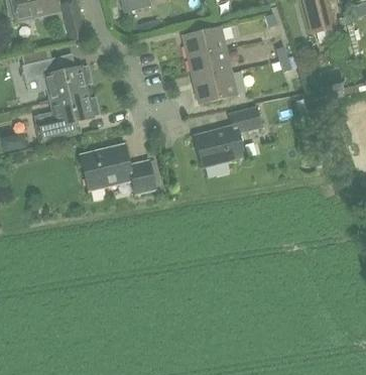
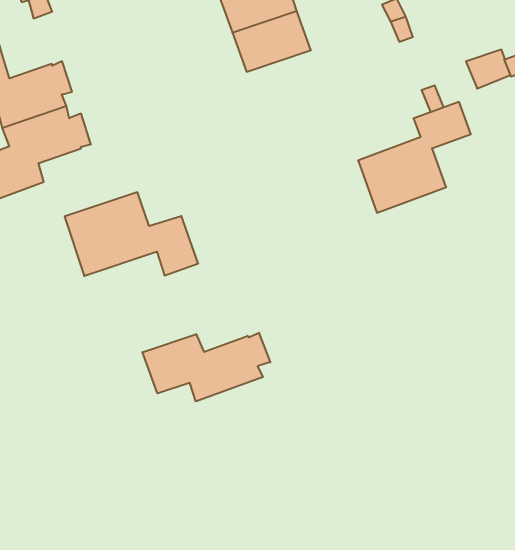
building: [194,71,238,103] -> none
building: [196,106,262,165] -> [358,102,471,213]
building: none -> [142,333,270,401]

